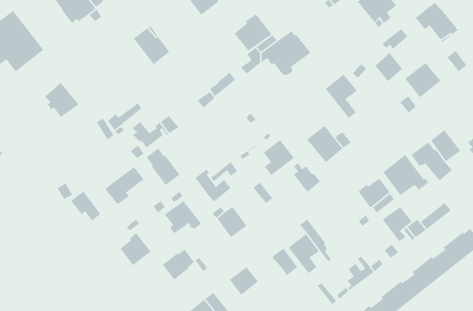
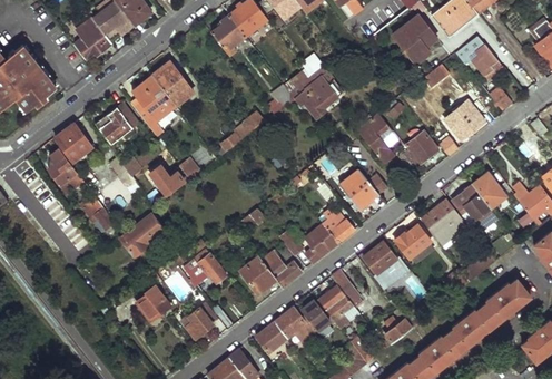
building: [234,14,272,52] -> none
building: none -> [131,76,174,136]
building: [374,52,403,82] -> [406,130,437,163]
building: none -> [96,101,139,144]
building: none -> [49,148,83,194]
building: [263,139,295,176] -> [305,223,339,263]
building: [146,147,180,186] -> none
building: [194,169,231,203] -> [262,251,302,288]
building: [70,191,101,221] -> [82,197,116,231]
building: [382,206,413,242] -> [363,243,396,282]
building: none -> [274,308,317,344]

